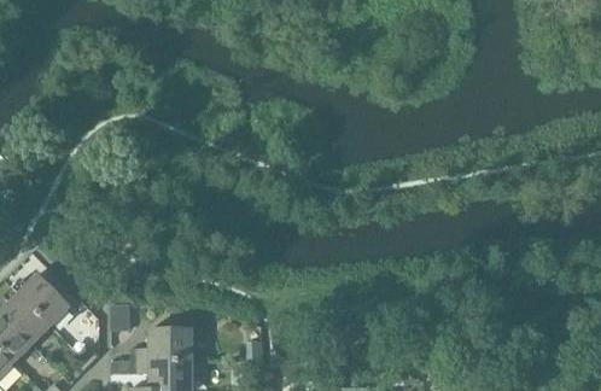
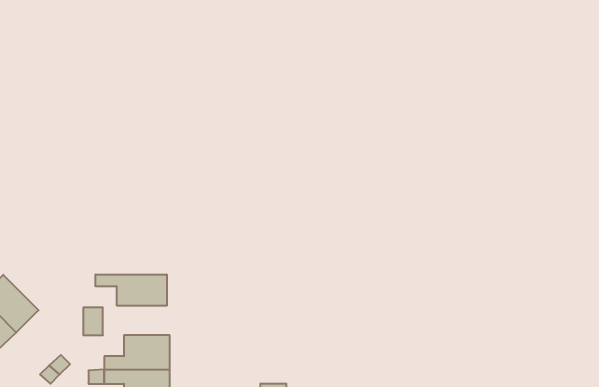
building: none -> [96,274,167,306]

